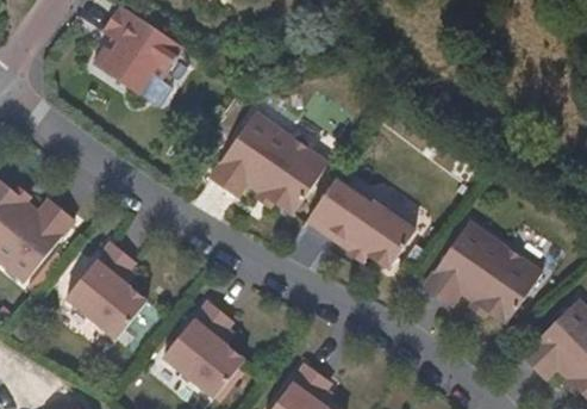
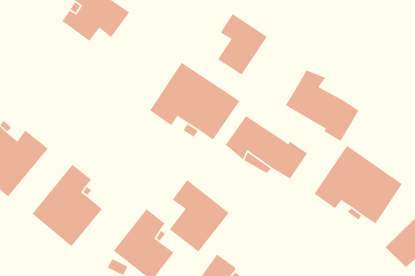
building: none -> [217,13,268,75]
building: none -> [285,69,360,142]
building: none -> [169,179,230,253]

